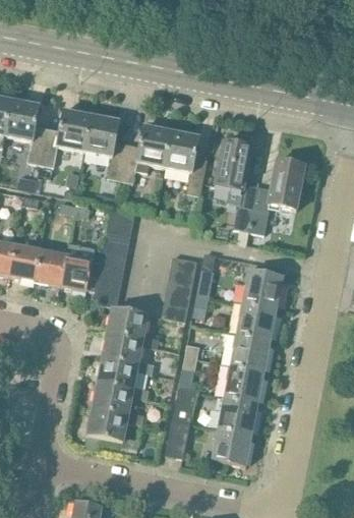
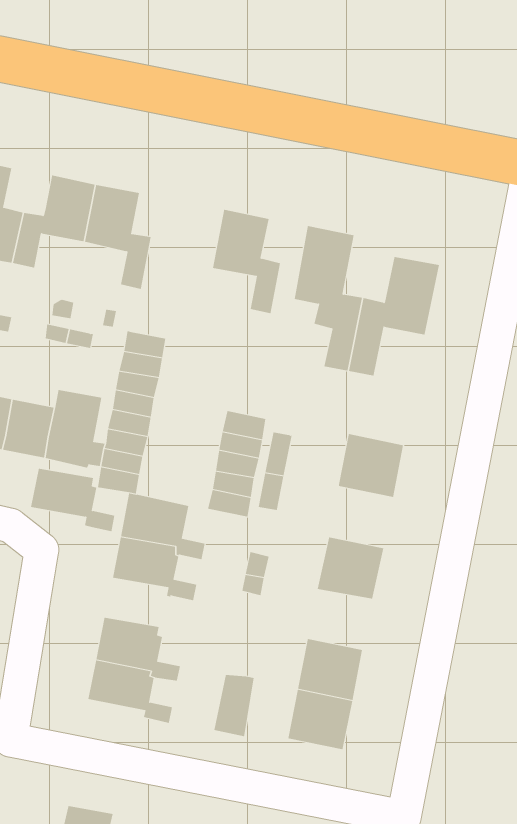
building: [120,125,171,182] -> none
building: [236,302,277,341] -> none
building: [97,359,150,399] -> [30,468,115,532]
building: [223,366,263,404] -> none
building: [172,387,196,421] -> none

